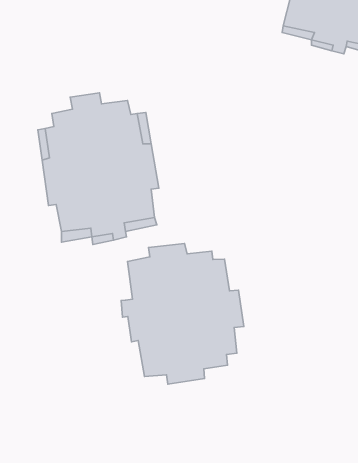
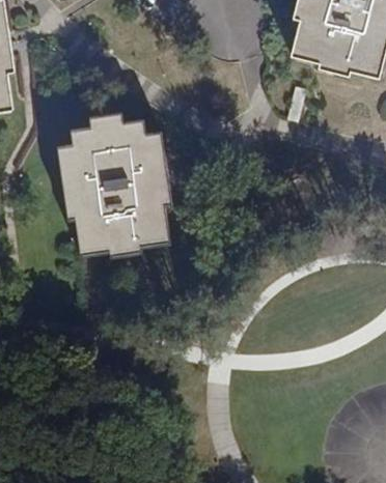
building: [121,244,244,384] -> none

